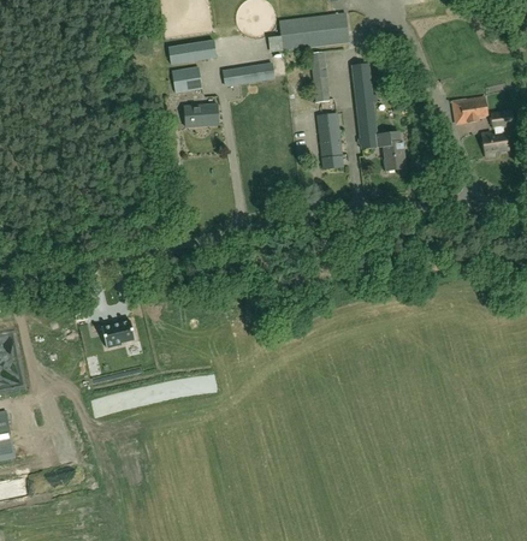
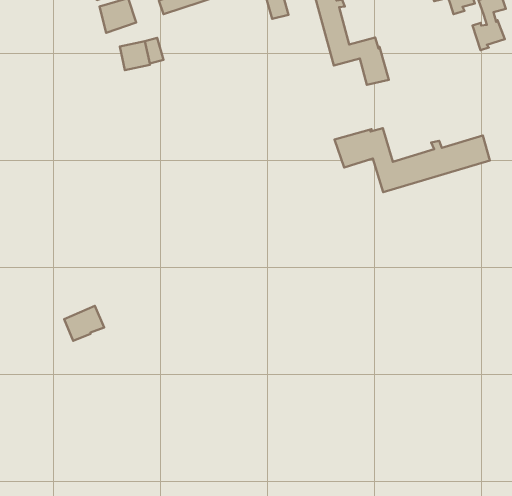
building: [318,113,343,168] -> none
building: none -> [335,128,490,192]

